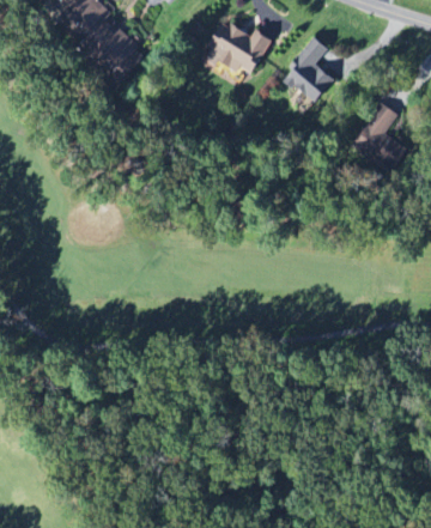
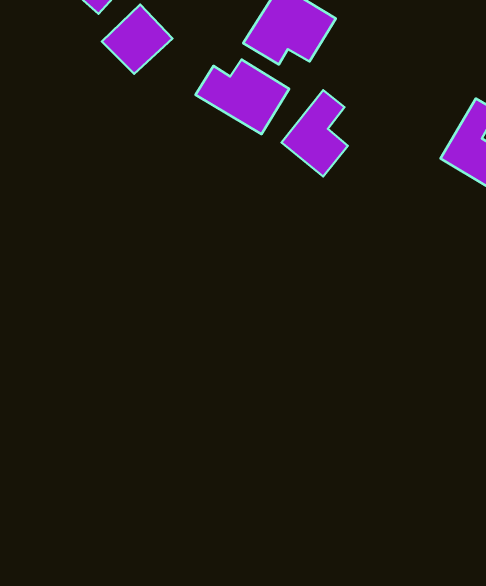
building: [281,35,333,102] -> [282,90,348,176]
building: none -> [196,60,289,134]

